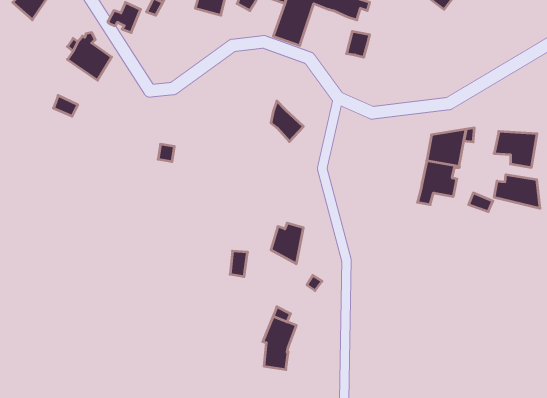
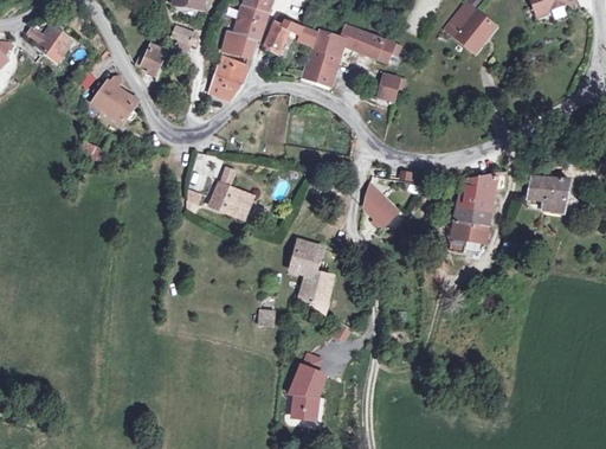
building: none -> [209,57,249,101]
building: [271,101,303,142] -> [365,185,398,226]
building: none -> [211,182,253,219]
building: [494,175,540,208] -> none
building: none -> [292,240,323,276]

